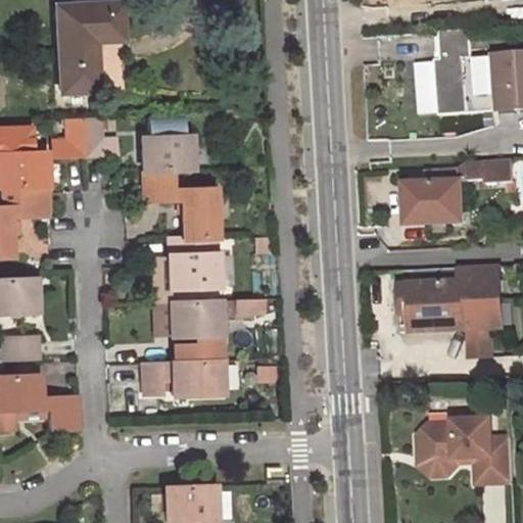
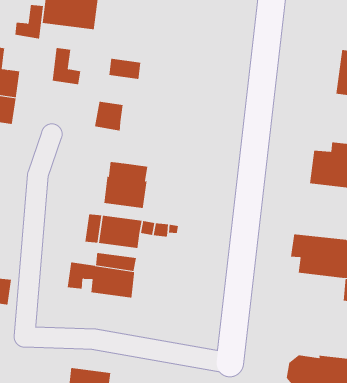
building: [52,115,84,155] -> [14,4,44,39]
building: [142,136,191,170] -> none
building: [181,188,216,237] -> none

